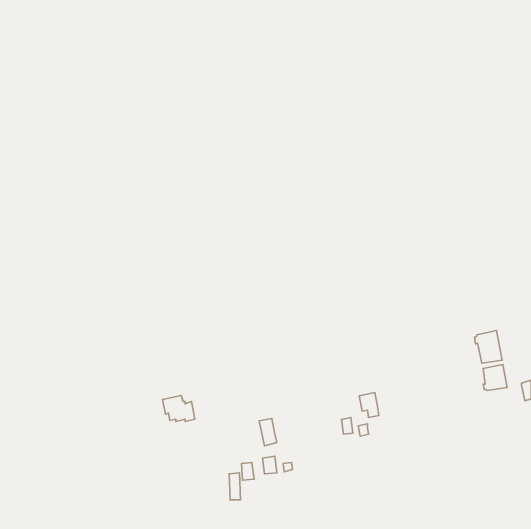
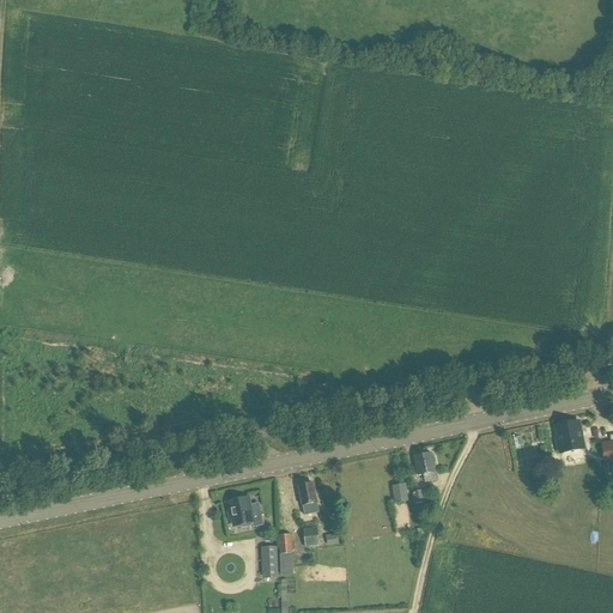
building: [474,330,502,363] -> none
building: [162,395,195,421] -> [225,494,262,524]

